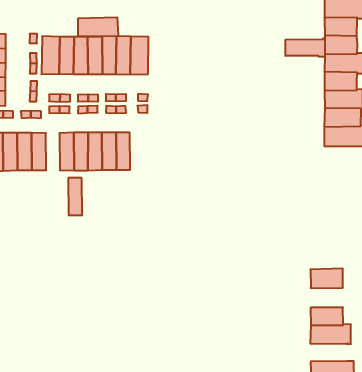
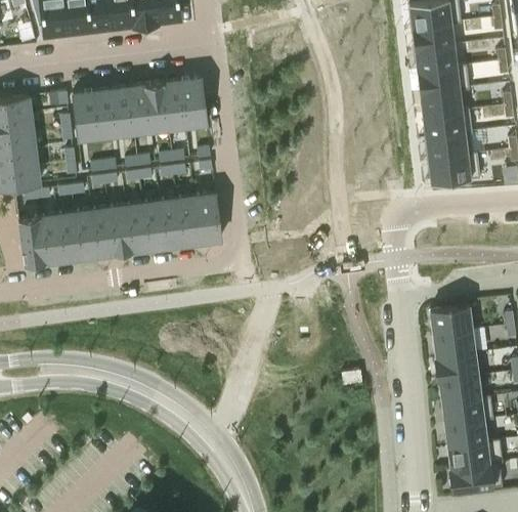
building: [78,17,118,36] -> none
building: [285,38,325,57] -> none
building: none -> [193,195,221,243]
building: [68,178,82,215] -> [92,209,115,256]
building: none -> [430,306,472,336]
building: none -> [435,352,483,383]
building: none -> [444,420,491,447]

